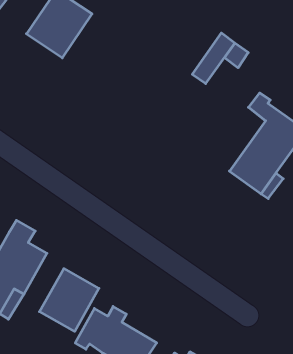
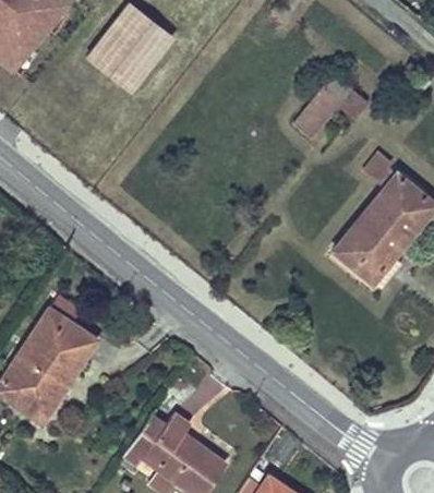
building: [39,269,99,331] -> none

